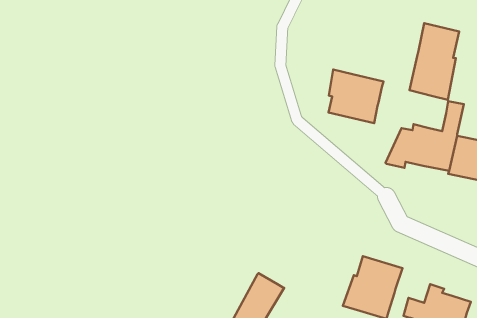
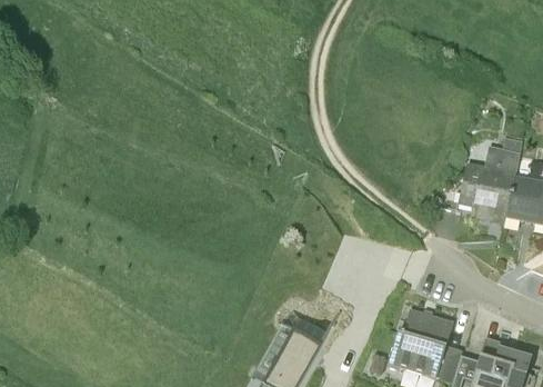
building: [409,23,459,100] -> none
building: [328,70,383,123] -> none

